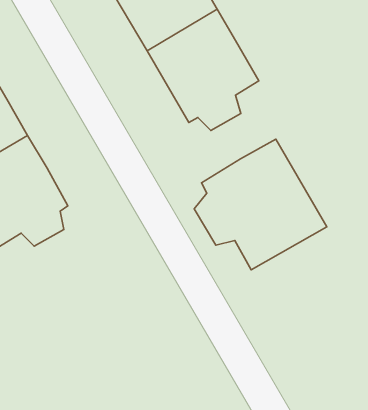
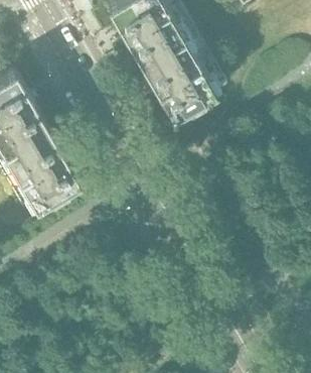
building: [194,139,327,270] -> none

